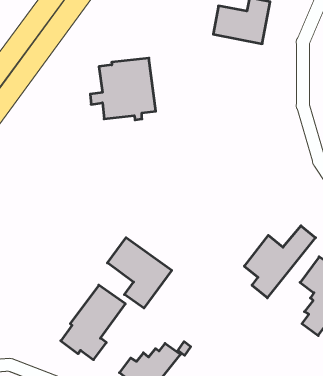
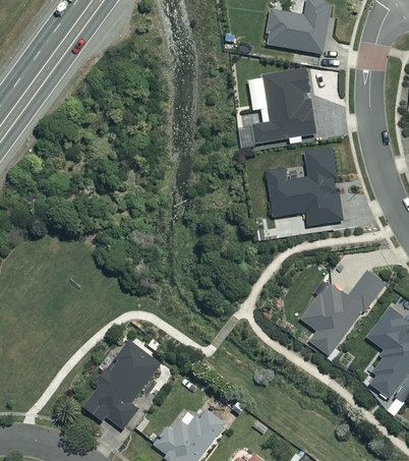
building: [90,58,156,120] -> [238,69,315,142]
building: none -> [267,149,342,224]
building: [107,238,172,308] -> none

